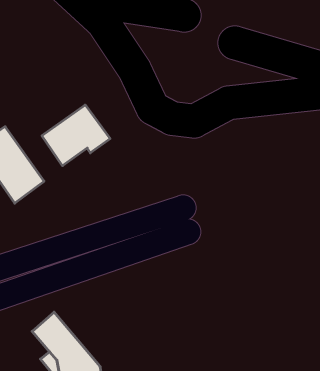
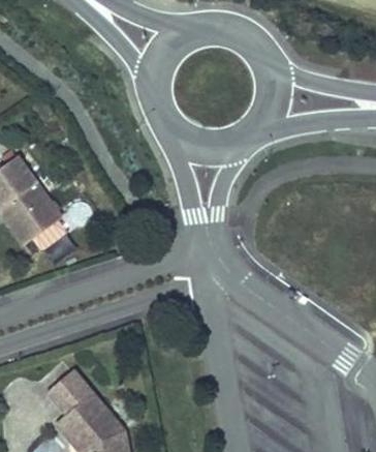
building: [42,105,110,166] -> none

